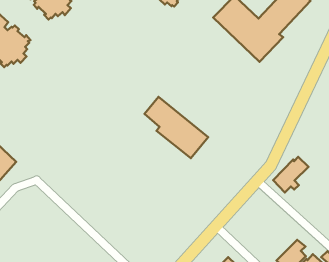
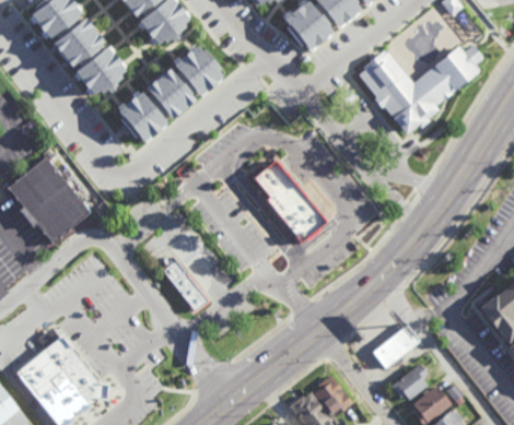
building: none -> [119,48,226,144]
building: [273,157,308,193] -> [373,326,419,367]
building: none -> [163,258,210,315]

